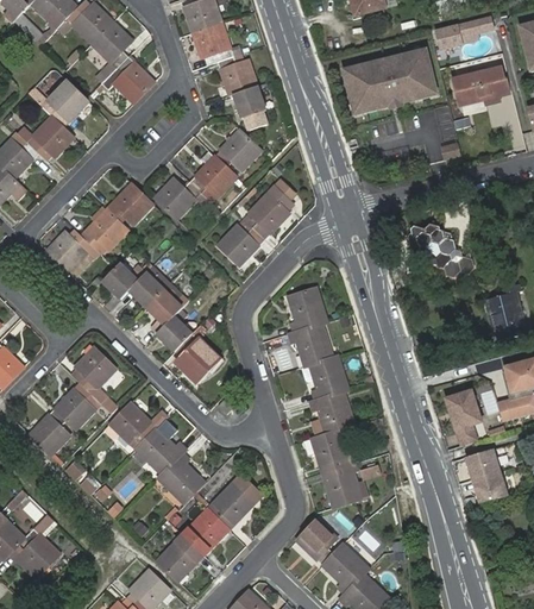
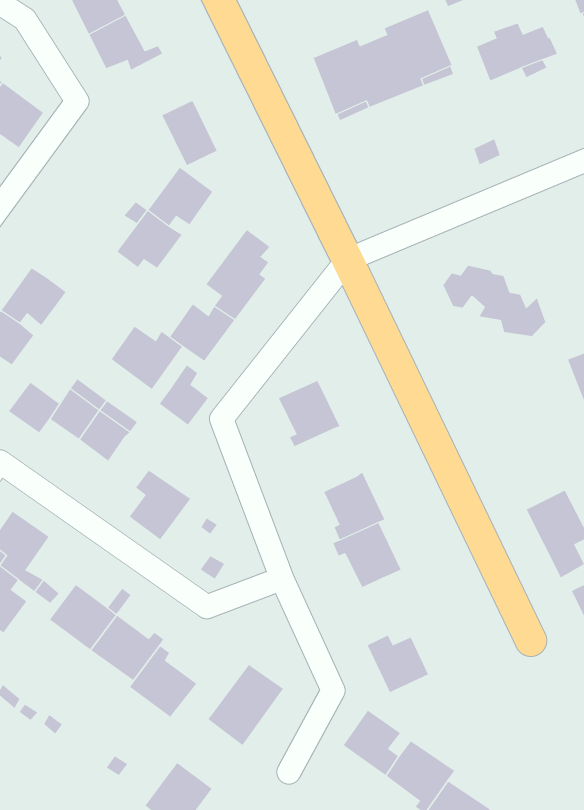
building: [218,52,257,95] -> none
building: [153,176,203,221] -> [111,326,183,390]
building: [156,308,190,350] -> [159,364,209,426]
building: [288,324,331,366] -> none
building: [310,429,347,473] -> none
building: [181,508,227,555] -> none

